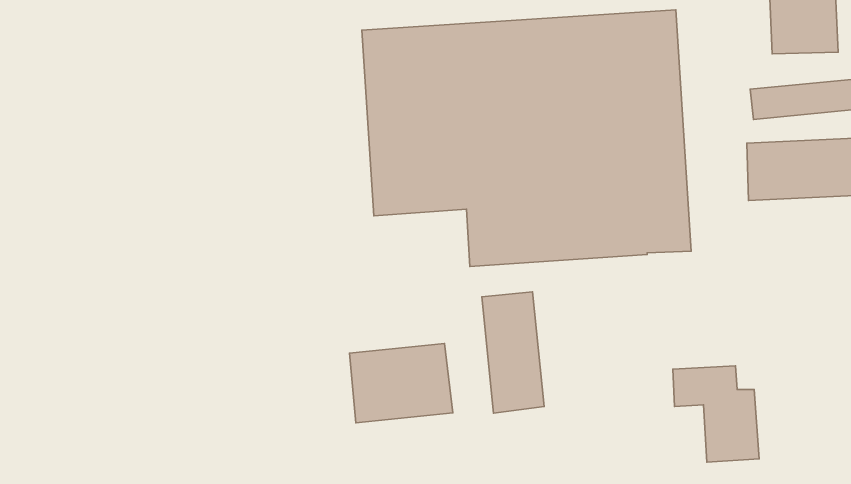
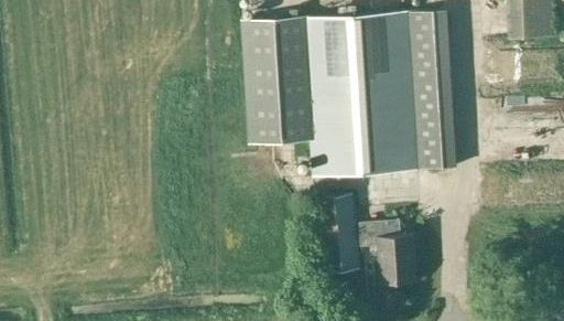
building: [350,344,453,423] -> none
building: [673,366,759,462] -> [360,221,416,283]

